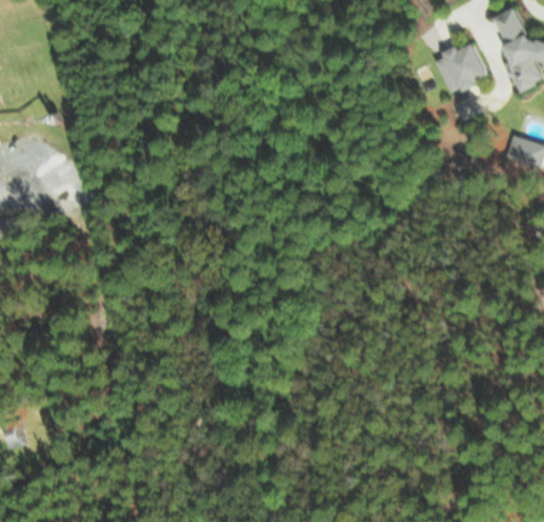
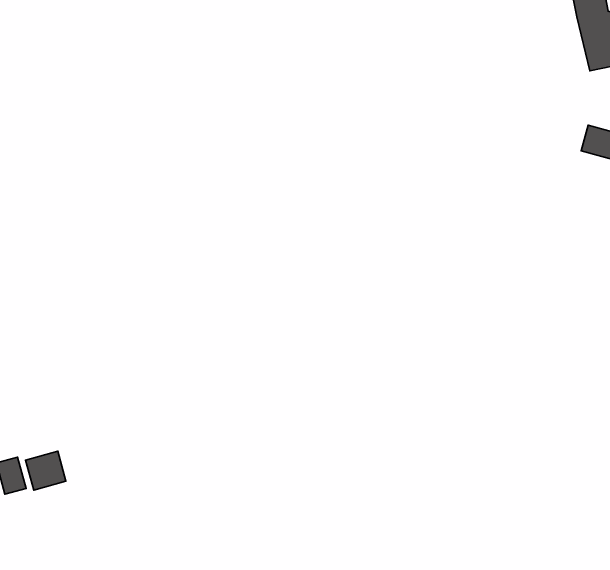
building: [434,41,487,94] -> none
building: none -> [26,451,66,490]

